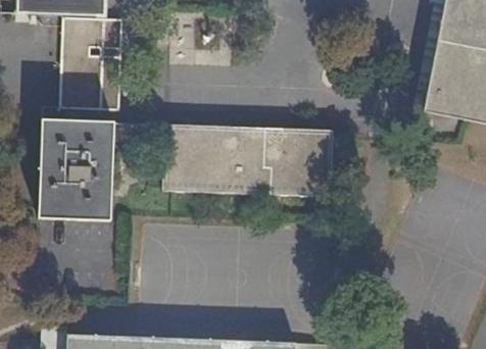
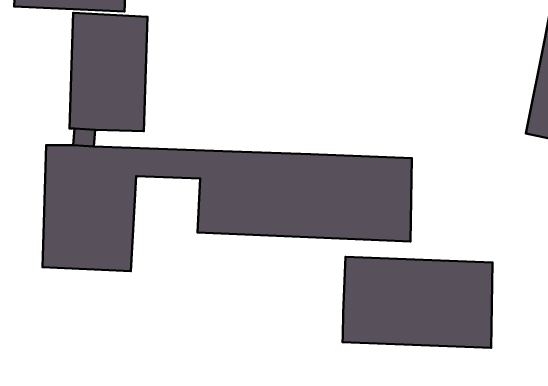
building: none -> [342,257,493,348]

